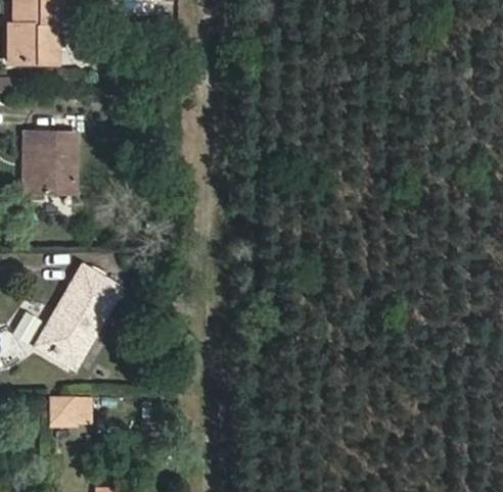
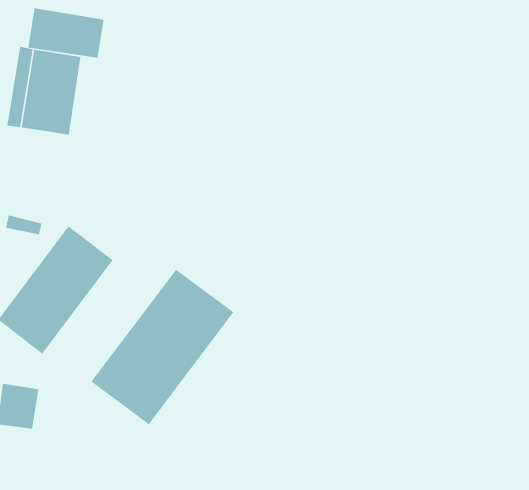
building: none -> [28,8,104,59]
building: none -> [91,269,234,425]

